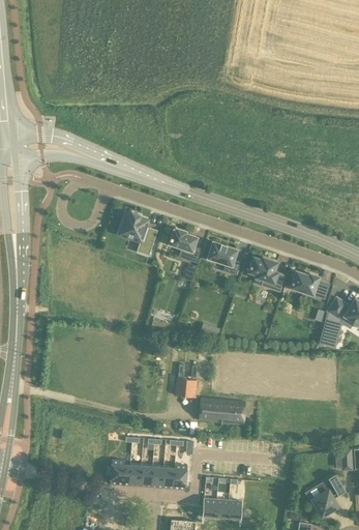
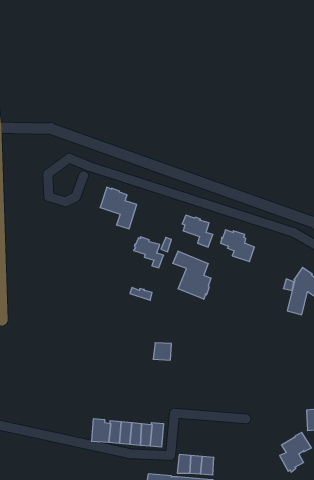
building: [169,229,201,262] -> [134,237,164,268]
building: [290,271,328,298] -> none
building: none -> [173,251,211,299]
building: [199,398,245,423] -> none

